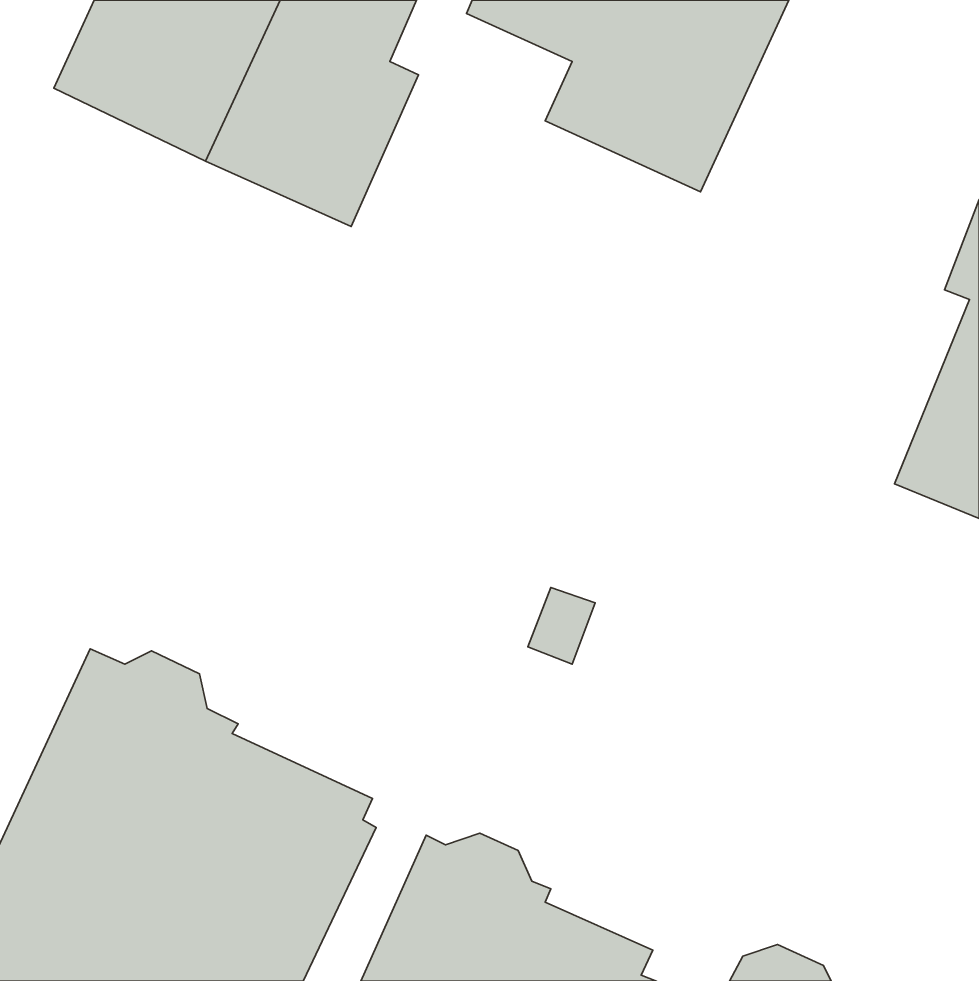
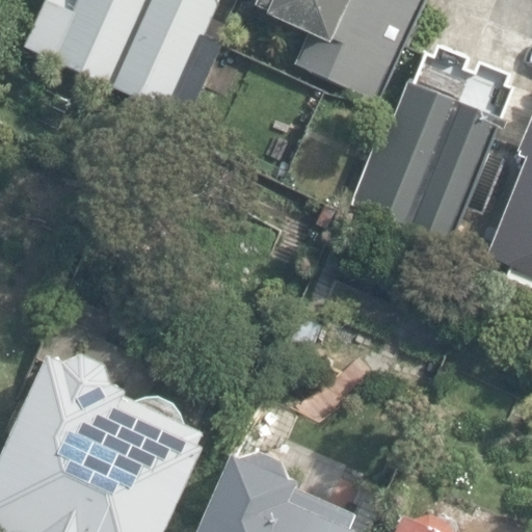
building: none -> [344,46,511,250]

